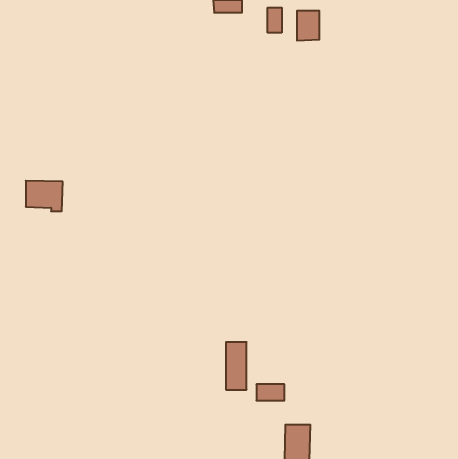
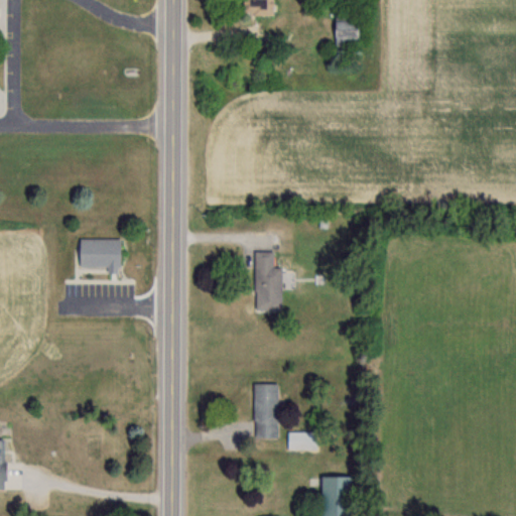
building: [268,8,282,33] -> none
building: [26,181,63,211] -> [80,239,121,273]
building: none -> [255,251,282,309]

